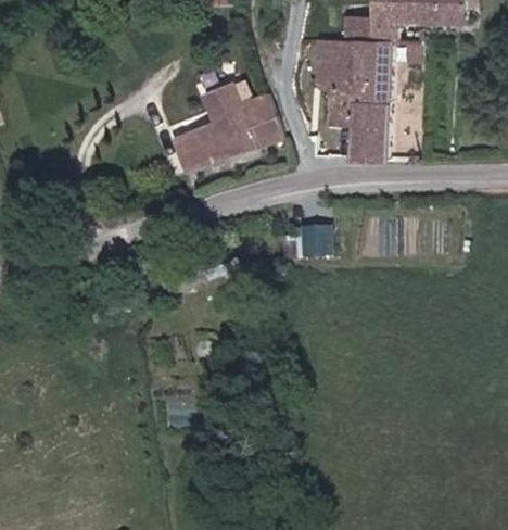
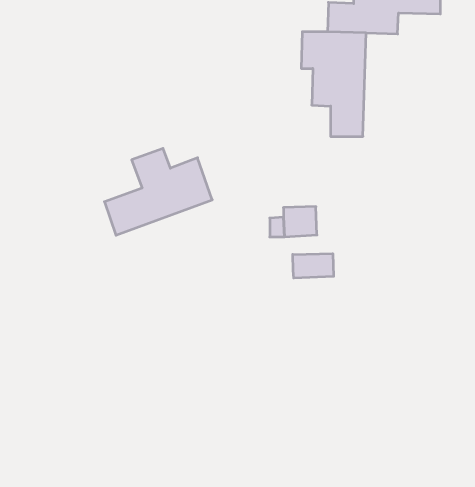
building: [173,80,284,171] -> [104,148,212,235]
building: none -> [293,254,334,278]

